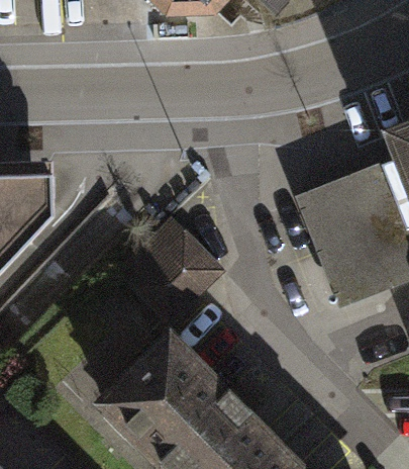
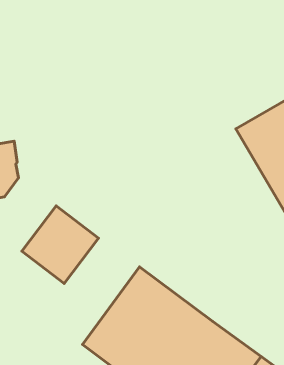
building: [129,229,214,314] -> [22,206,98,283]

